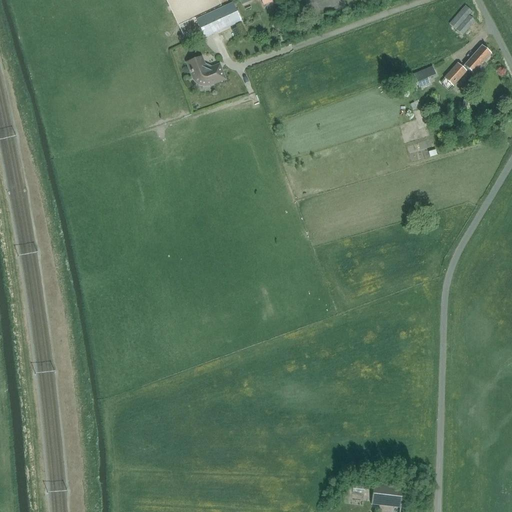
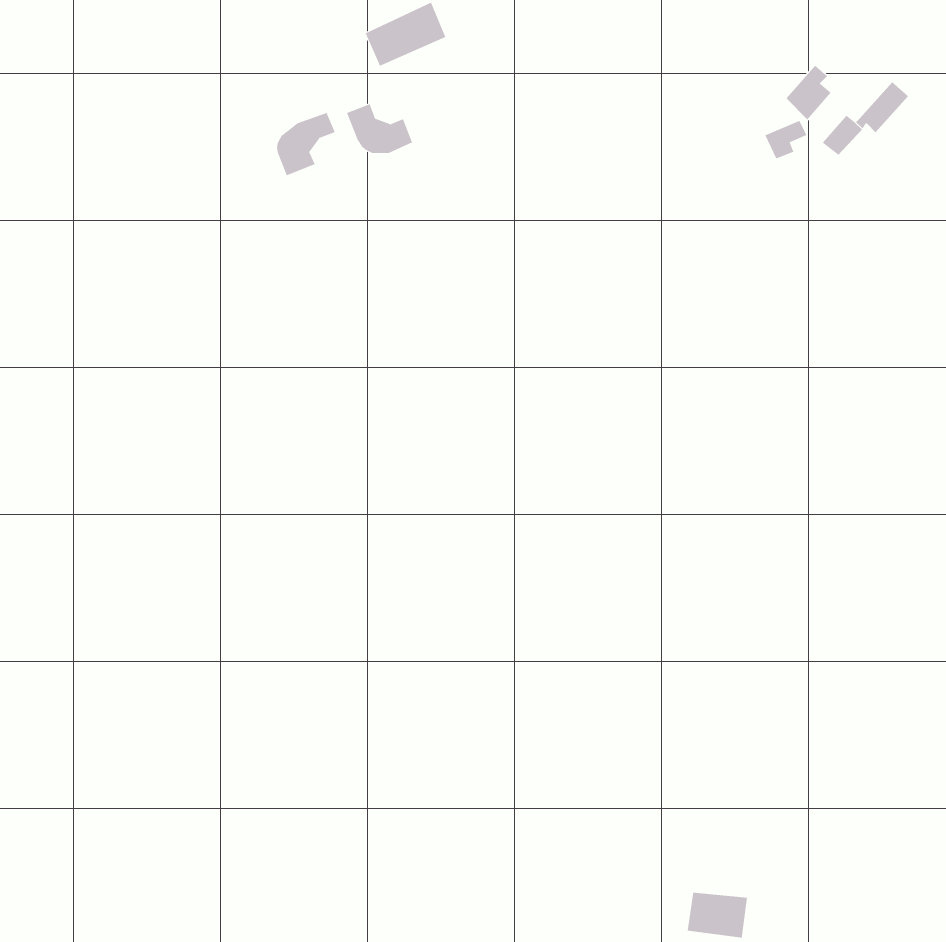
building: [449,4,474,34] -> [785,65,832,120]
building: none -> [277,112,336,176]

